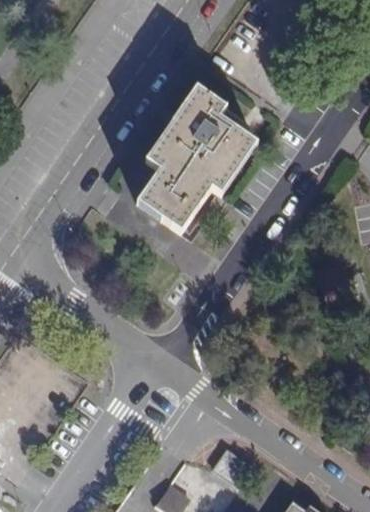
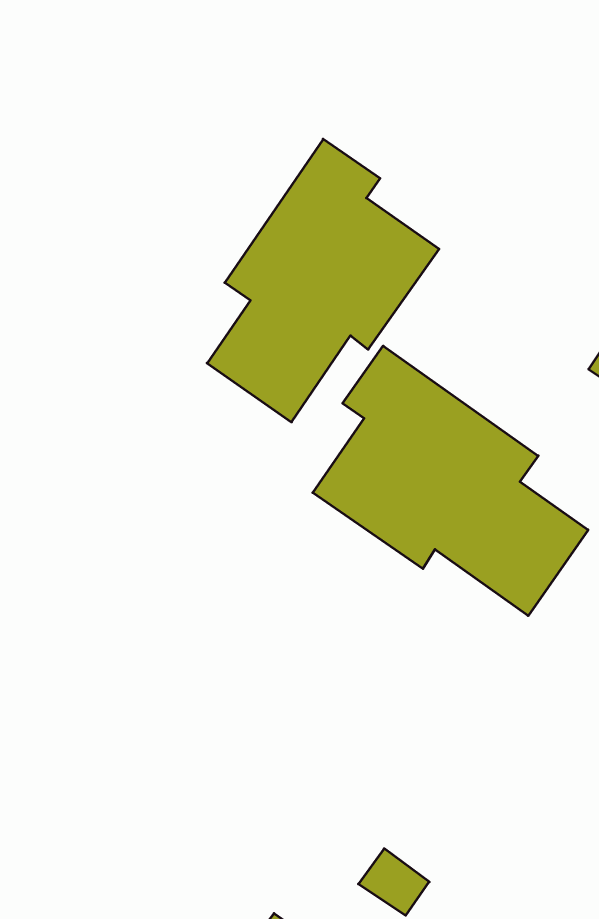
building: none -> [313,346,588,616]

